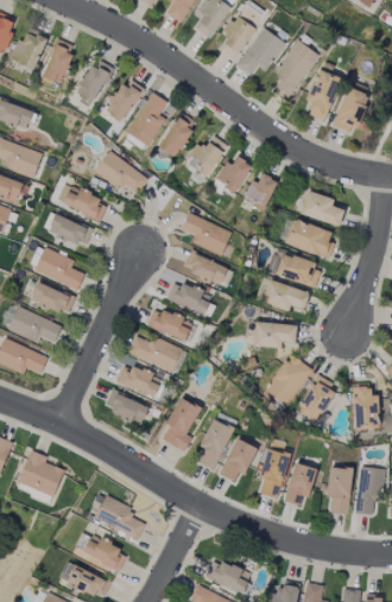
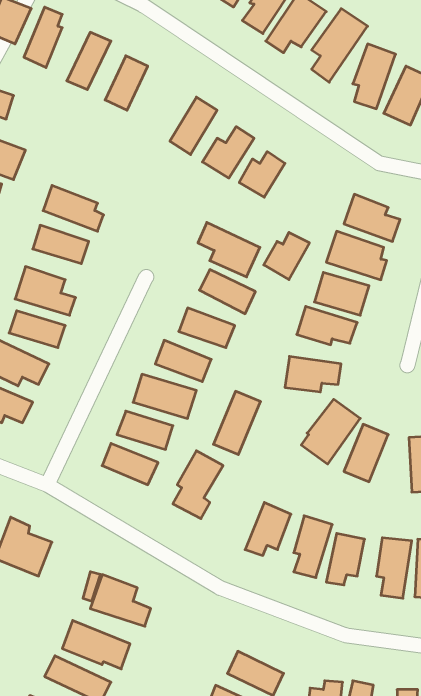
building: [127,91,167,146] -> none
building: [94,151,147,194] -> none
building: [242,173,279,211] -> [264,232,309,280]
building: [195,419,233,470] -> [213,391,261,455]

